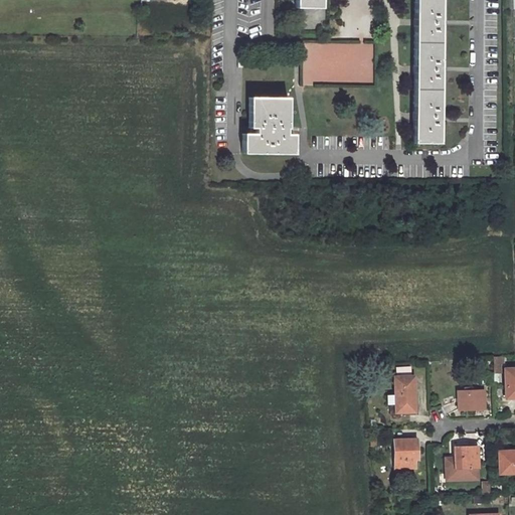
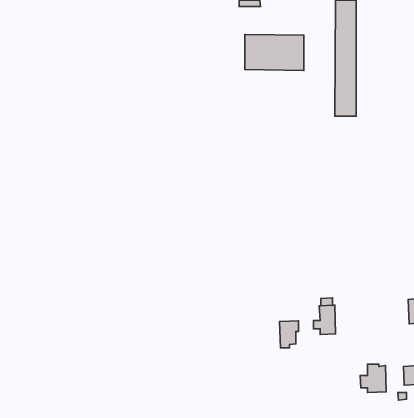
building: [246,98,297,154] -> none
building: [461,390,487,409] -> none
building: [396,438,419,471] -> [280,321,298,348]

